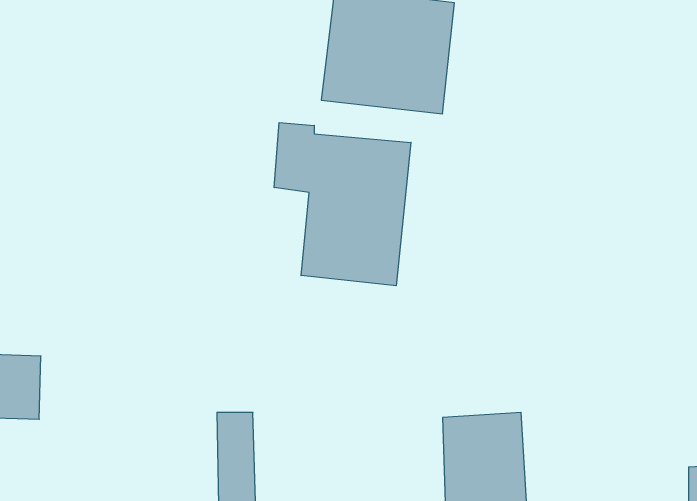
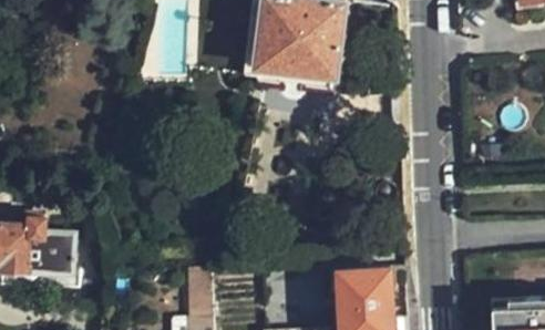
building: [274,123,411,286] -> none

